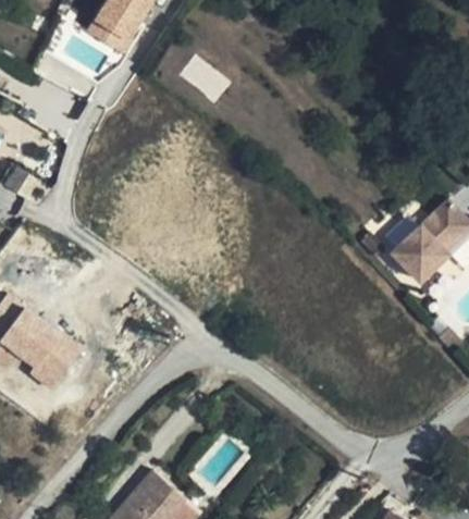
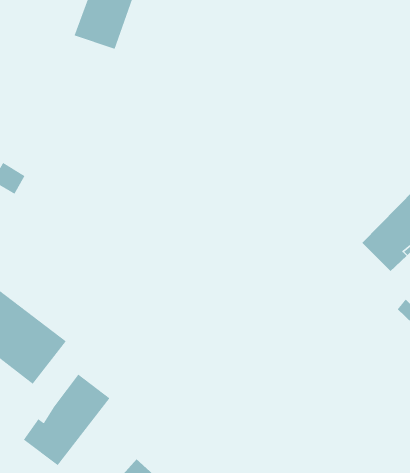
building: none -> [23,374,111,466]

